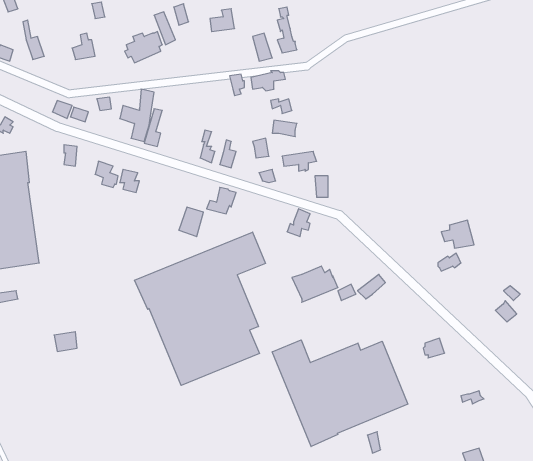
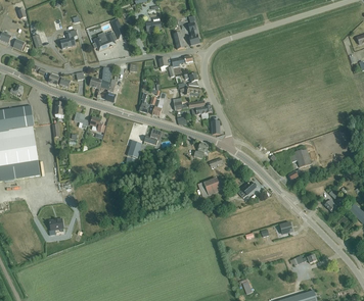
building: [134,232,265,385] -> none
building: [272,340,408,447] -> none

